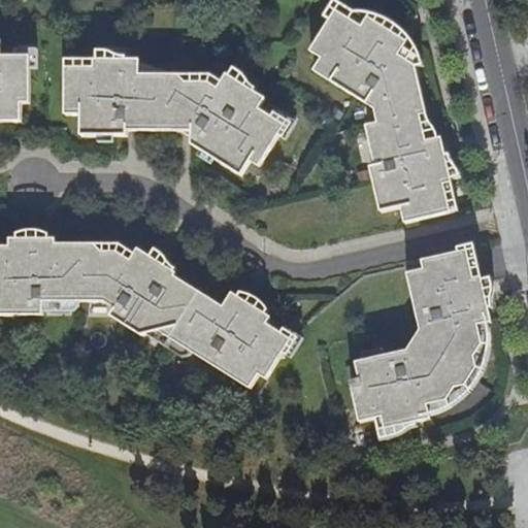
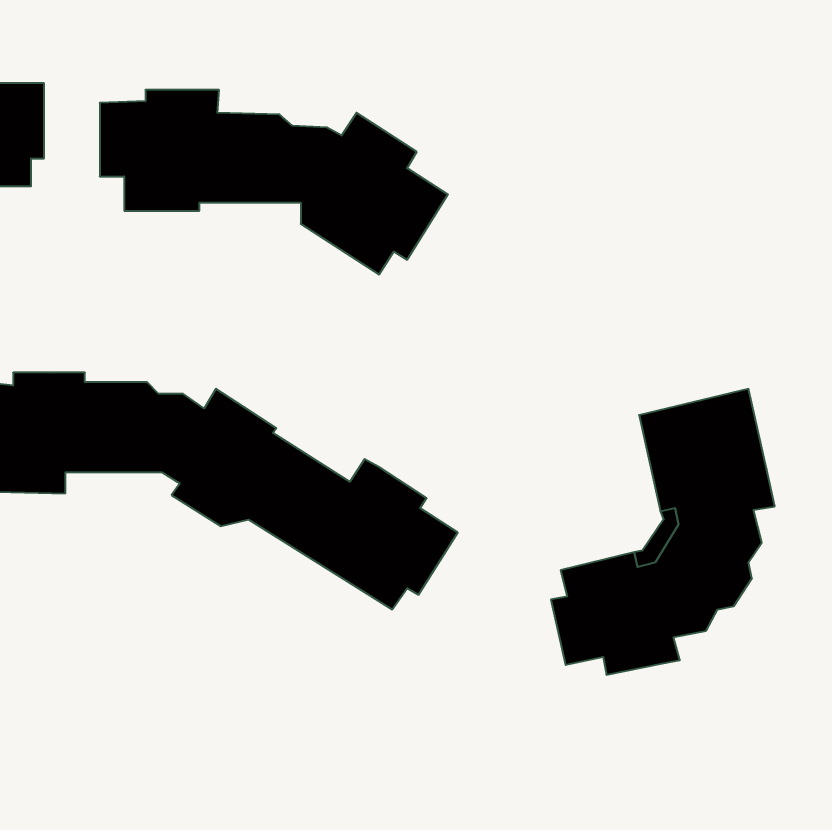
building: [308,8,450,221] -> none

